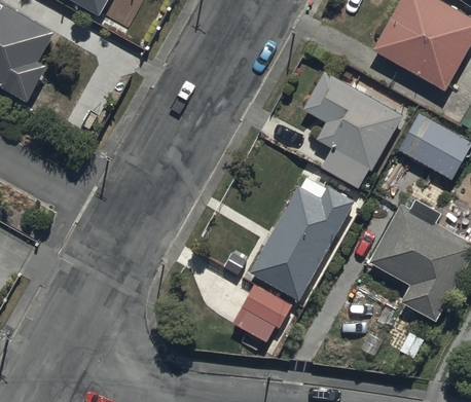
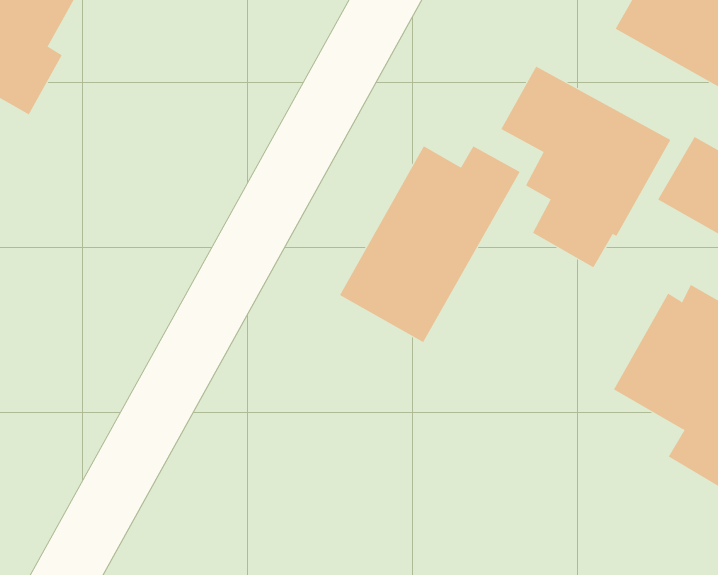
building: [249,185,355,300] -> [339,146,520,343]
building: [233,285,292,340] -> none

